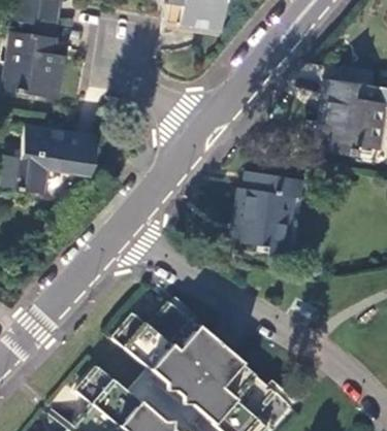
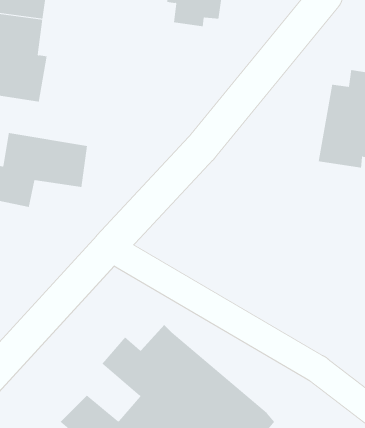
building: [230,174,304,258] -> none

